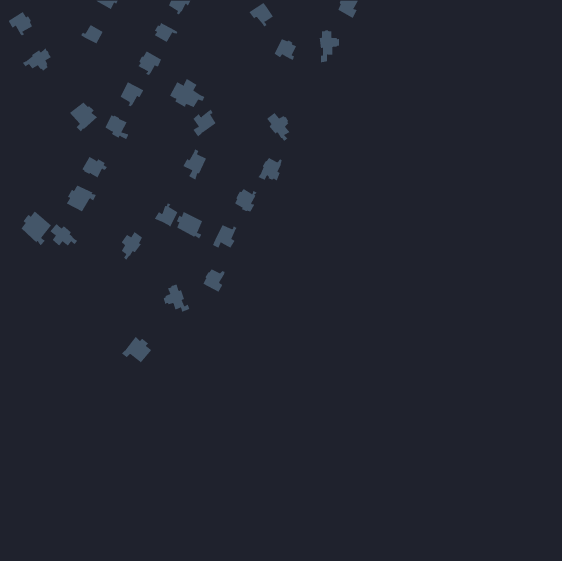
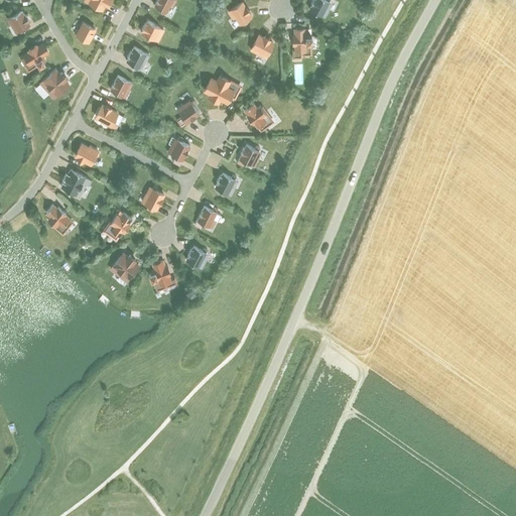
building: [169,78,205,108] -> [204,76,237,103]
building: [69,102,98,133] -> [42,71,69,99]
building: [21,211,52,246] -> none
building: [176,211,203,240] -> none
building: [121,336,152,363] -> [110,253,138,278]

